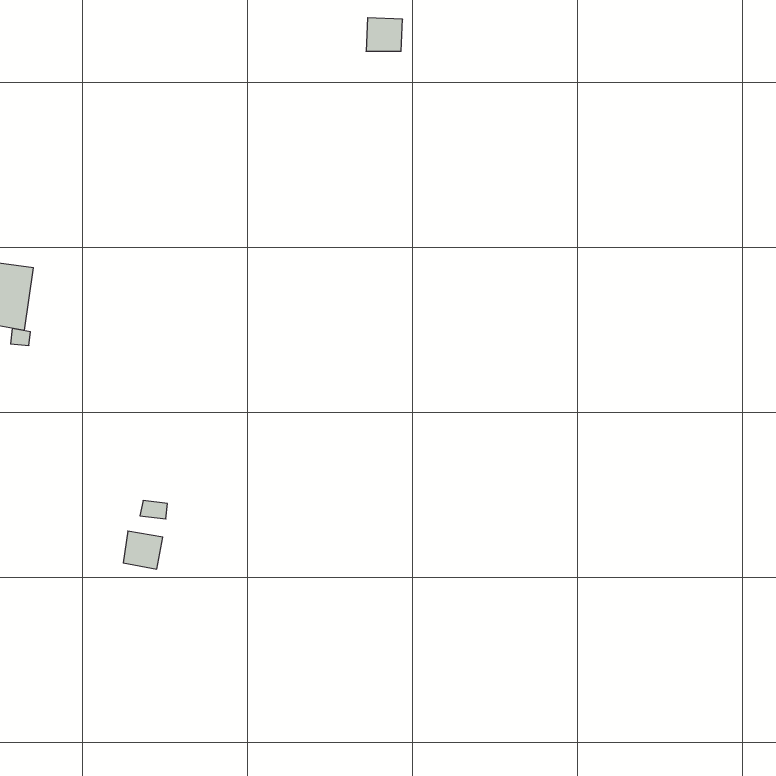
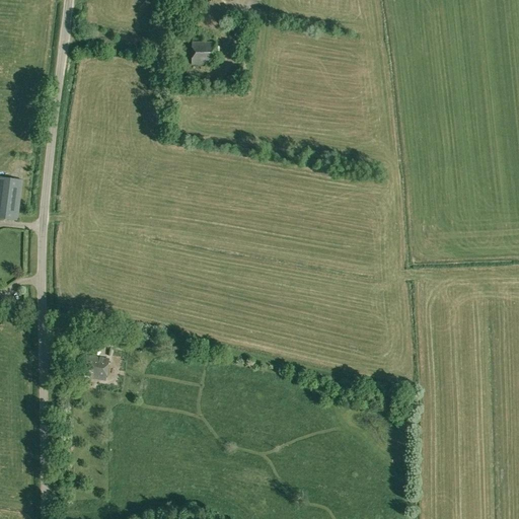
building: [366,18,403,51] -> [191,41,215,63]

